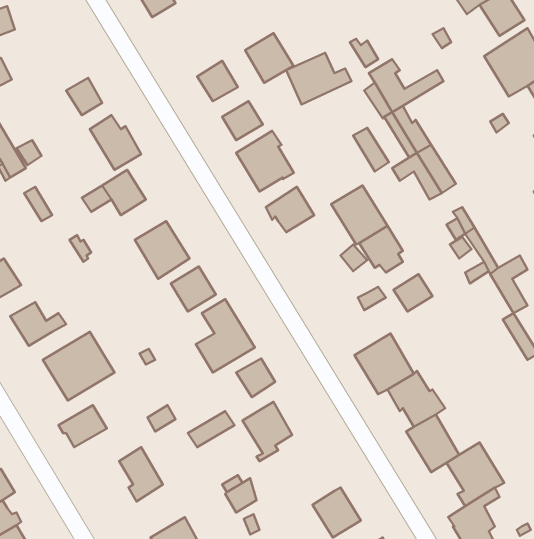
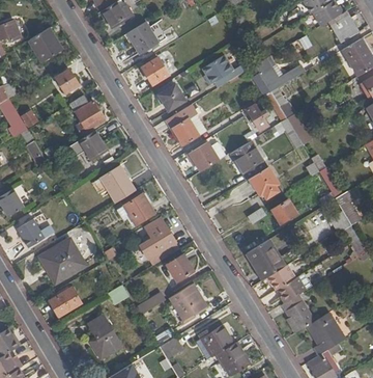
building: none -> [27,28,62,63]
building: [245,33,294,83] -> [126,22,159,55]
building: none -> [198,323,232,357]

